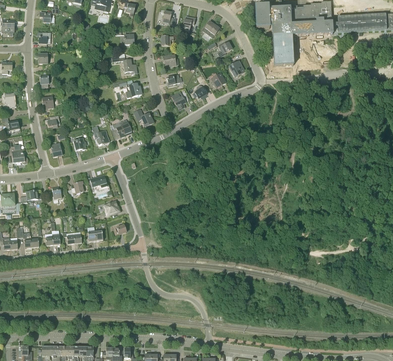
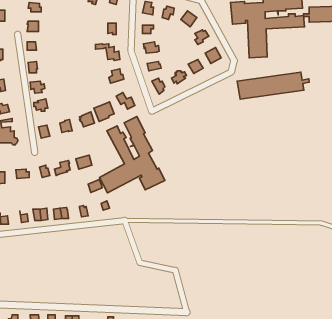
building: none -> [237,72,309,99]
building: none -> [100,117,165,193]

